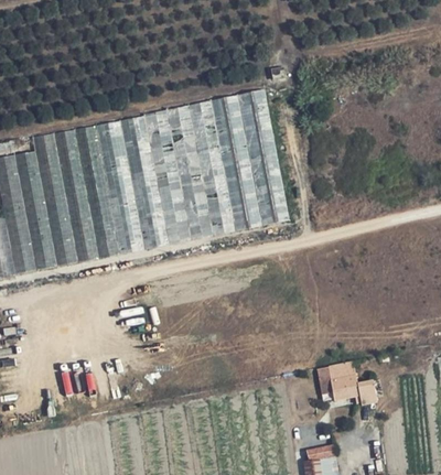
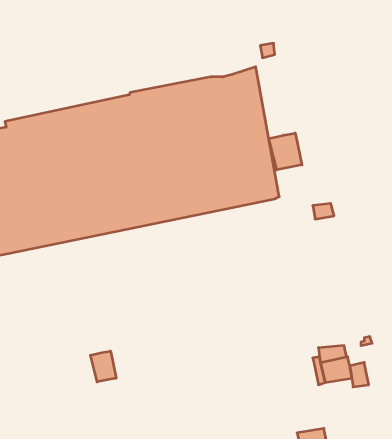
building: none -> [269,133,302,170]
building: none -> [90,351,116,382]

